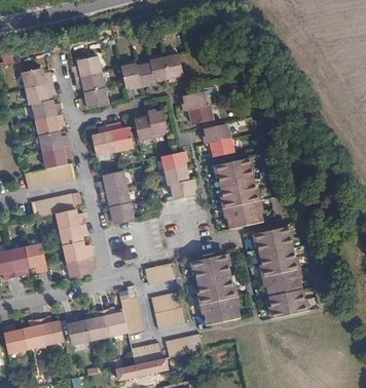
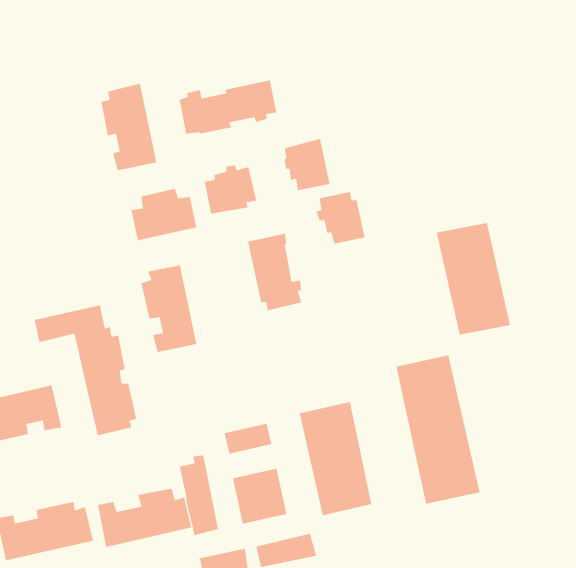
building: [22,71,74,190] -> none
building: [216,159,262,229] -> [436,222,511,335]

